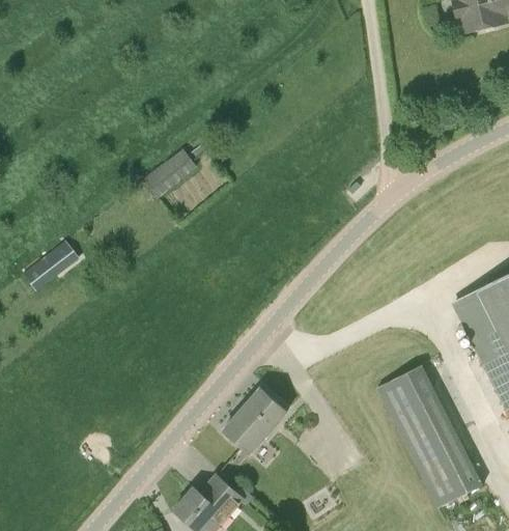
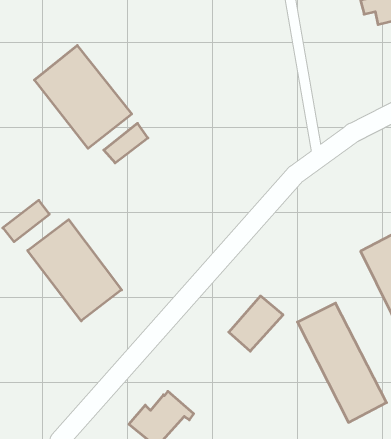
building: none -> [34,45,132,148]
building: none -> [28,220,122,321]
building: [223,388,288,454] -> [229,296,283,351]

